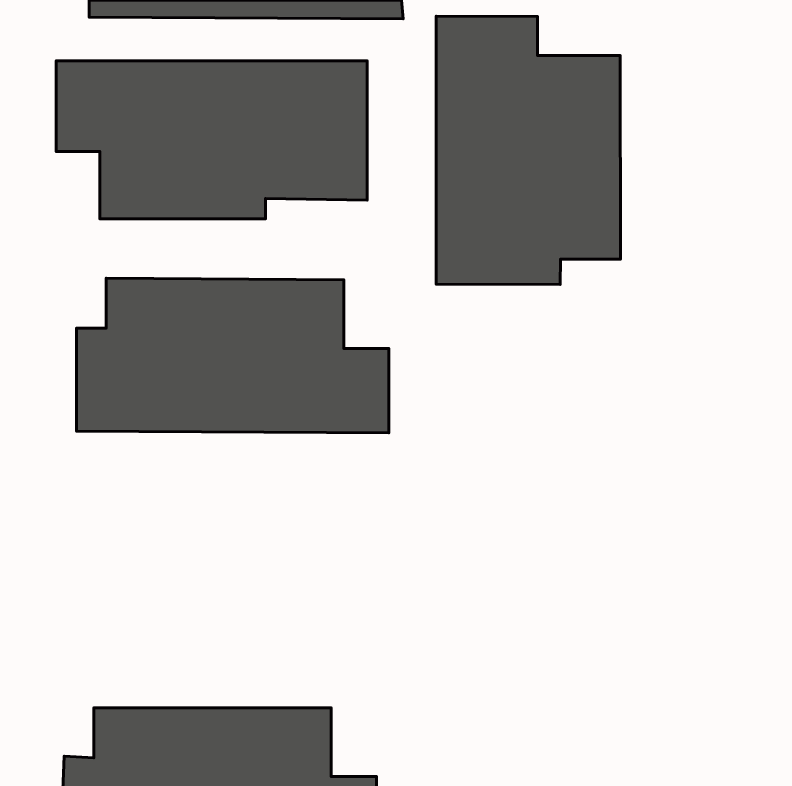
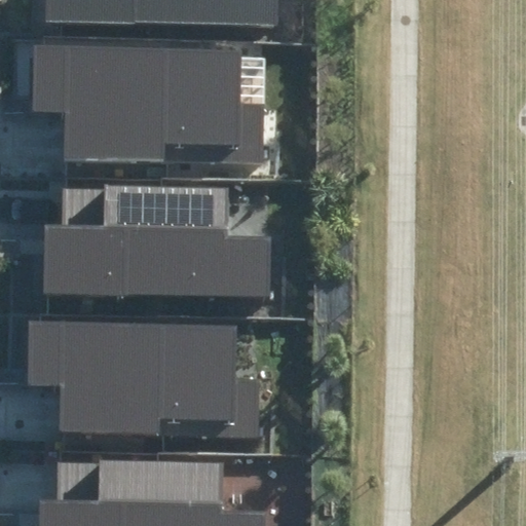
building: [436,16,621,285] -> none
building: none -> [28,333,232,437]

